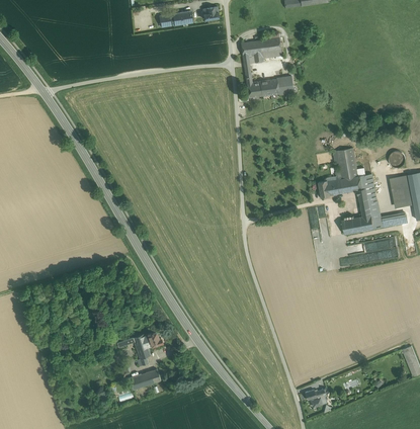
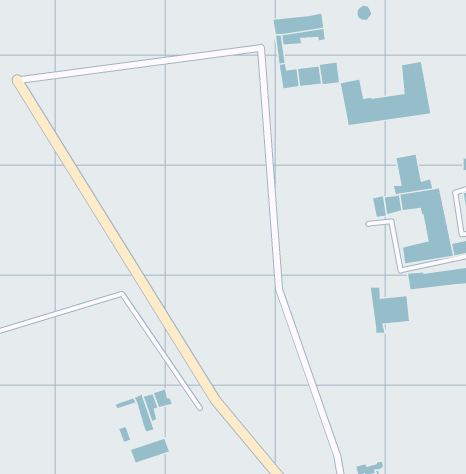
building: none -> [340,61,431,126]
building: none -> [370,287,410,334]

